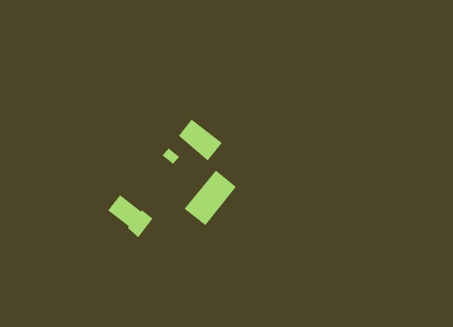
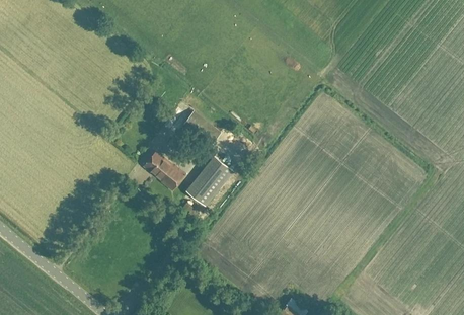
building: [107,194,153,238] -> [144,152,184,190]

